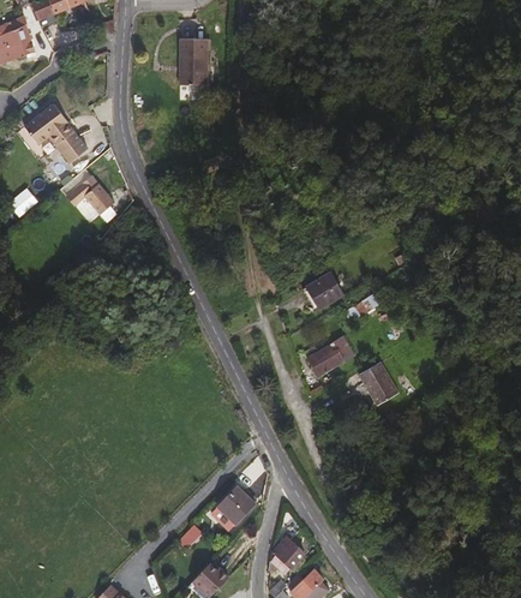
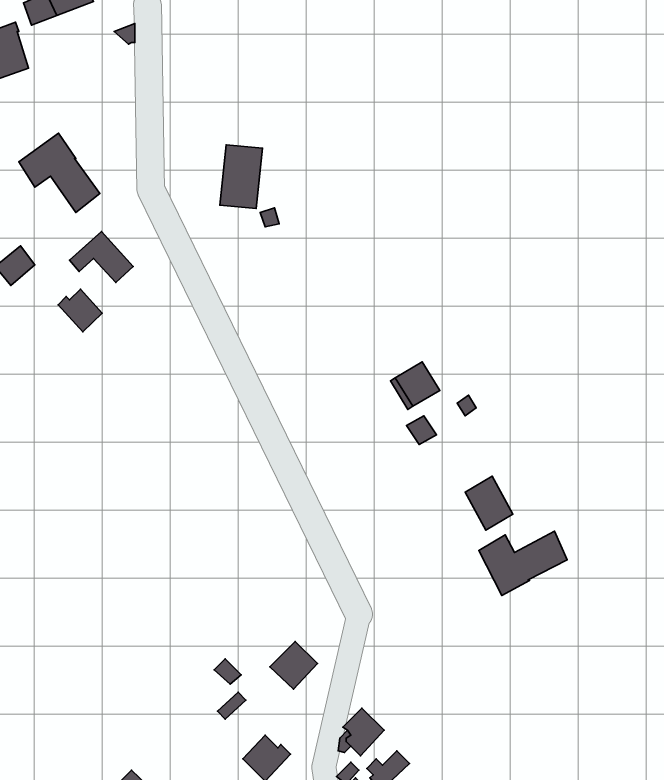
building: [182,40,215,88] -> [220,145,263,208]
building: none -> [58,289,102,332]
building: [306,336,357,376] -> none
building: none -> [479,531,567,595]

